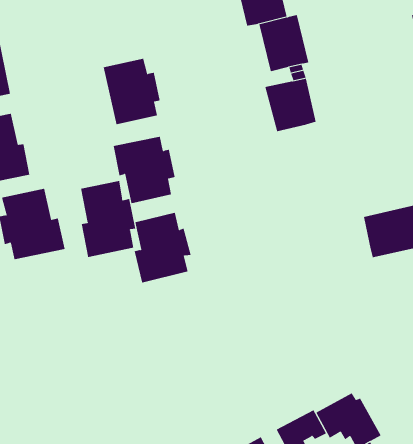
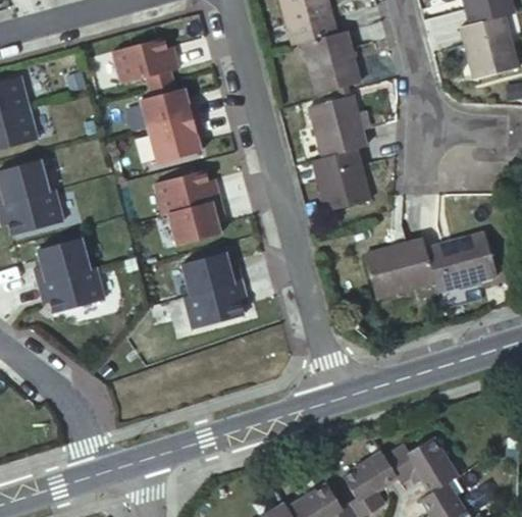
building: none -> [112,42,175,85]
building: none -> [314,152,374,217]
building: [81,180,136,258] -> none
building: none -> [363,236,431,295]

